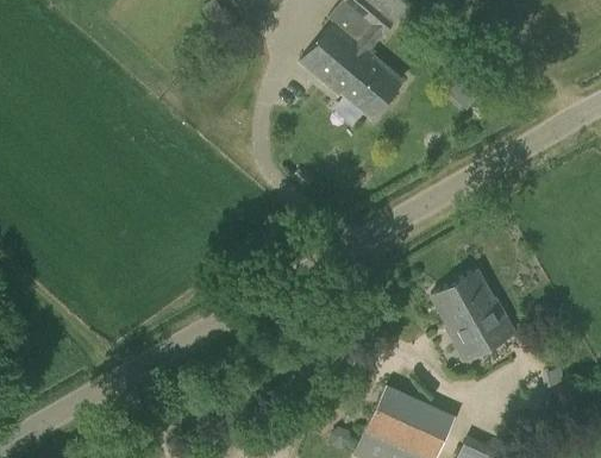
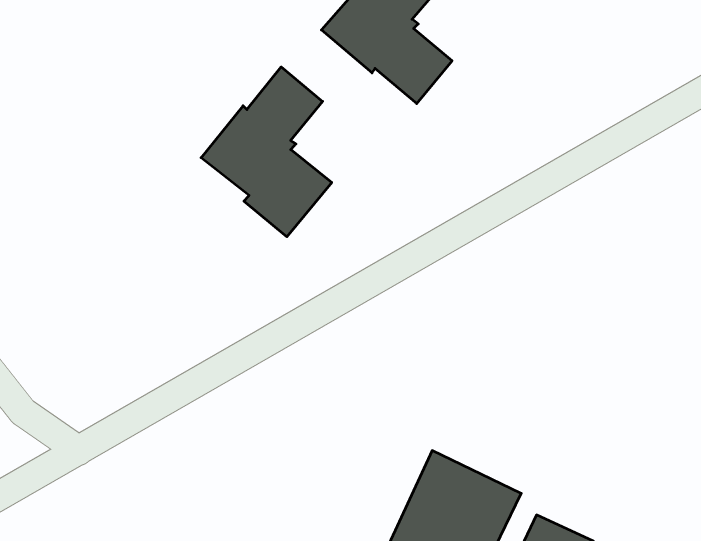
building: none -> [201,67,332,237]
building: [430,270,514,363] -> none

